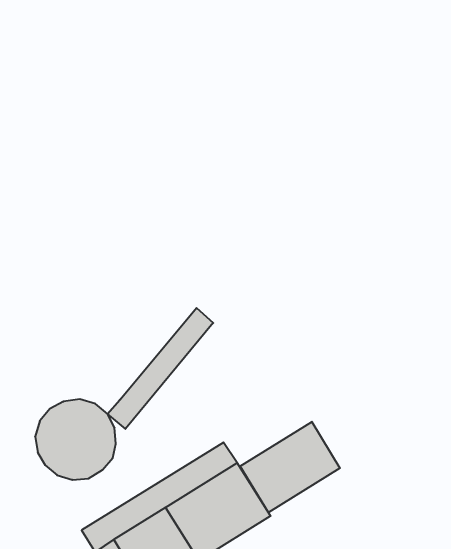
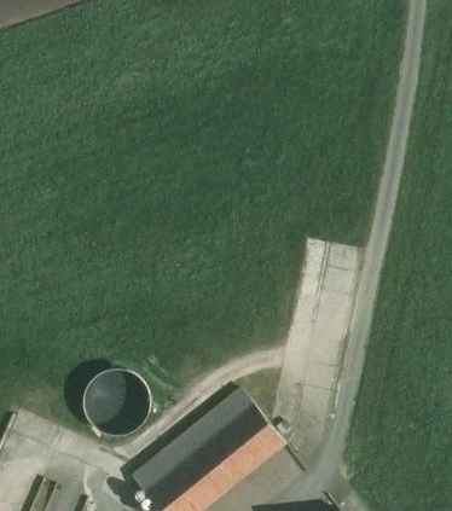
building: [107,308,213,429] -> none
building: [240,422,340,512] -> none

